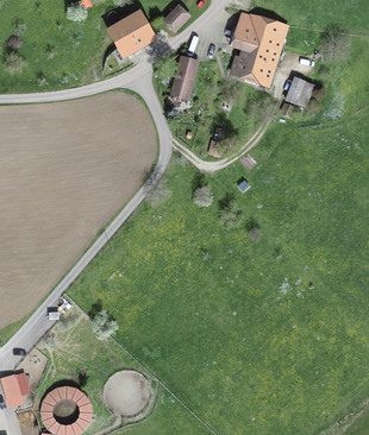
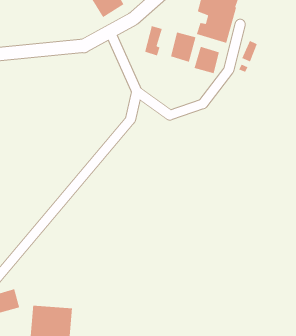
building: none -> [170,31,197,63]
building: none -> [193,46,220,74]

